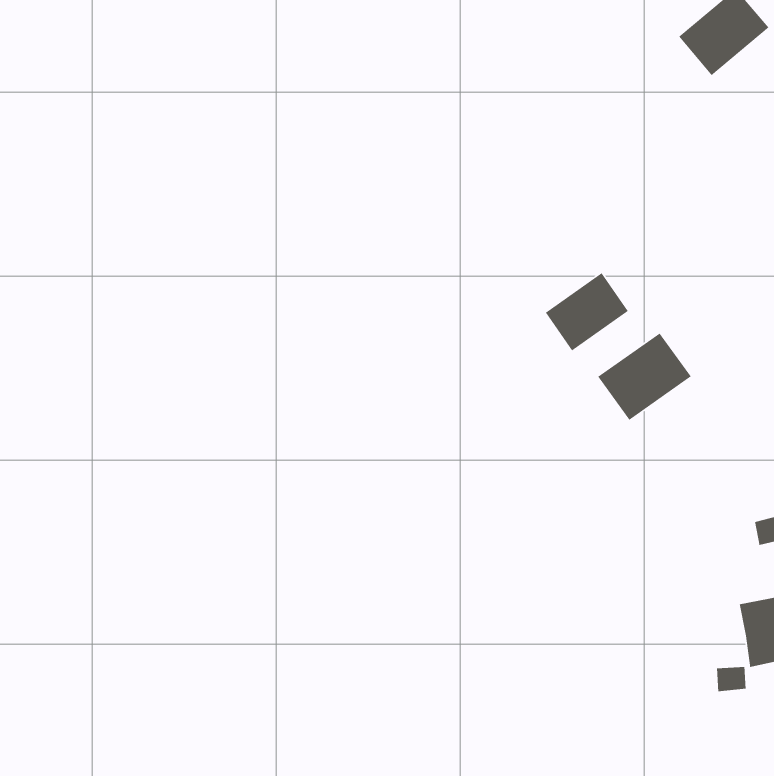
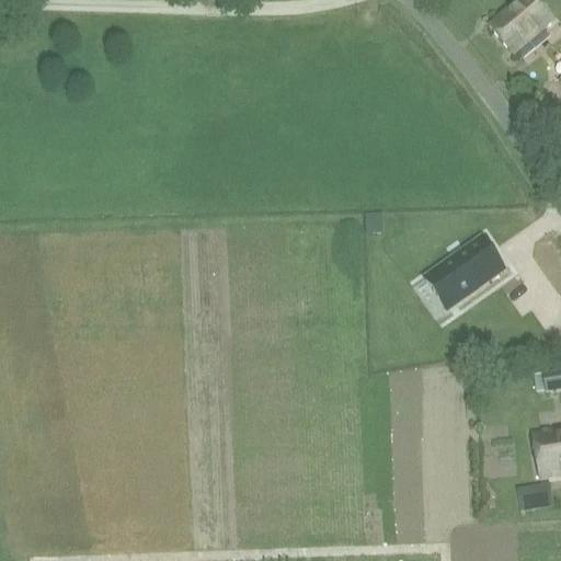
building: [545,272,629,352] -> none

